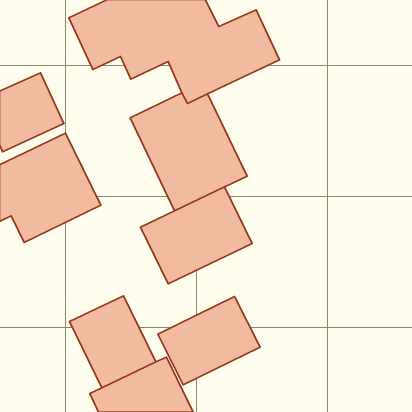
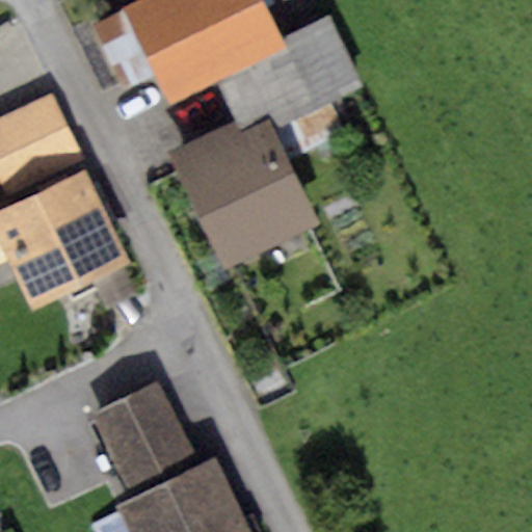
building: [140,187,252,284] -> none
building: [158,296,260,385] -> none

